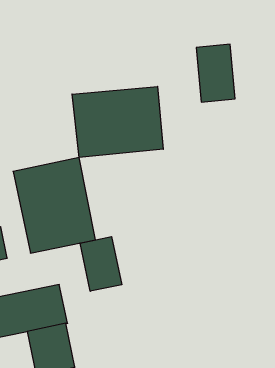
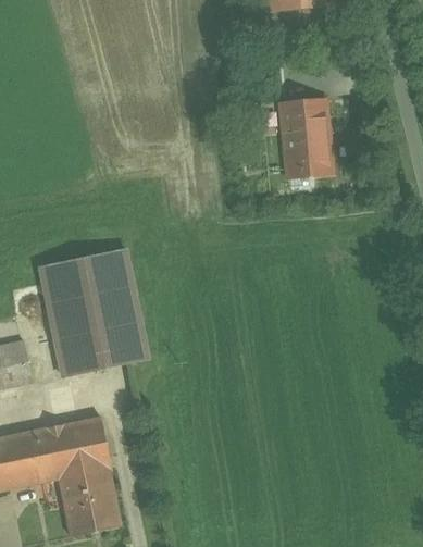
building: [72,86,163,157] -> none
building: [80,237,122,291] -> none

